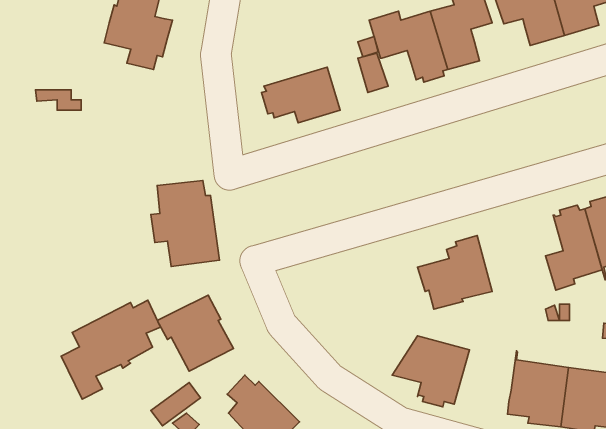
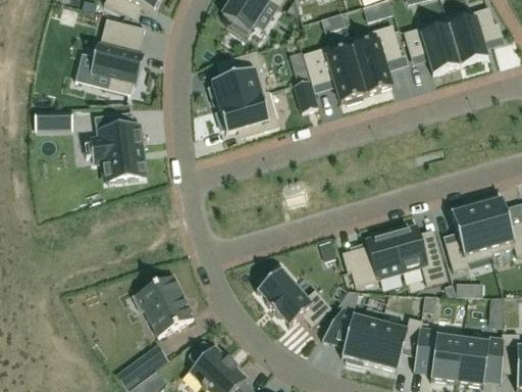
building: none -> [208,51,269,107]
building: [151,180,219,267] -> [90,112,145,182]
building: none -> [389,223,447,284]
building: none -> [256,264,331,327]
building: [61,300,160,399] -> none
building: none -> [371,317,421,372]

